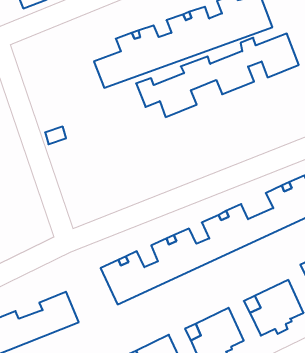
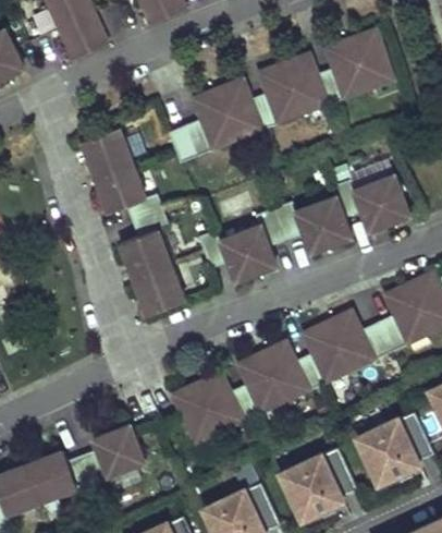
building: [136,34,299,117] -> [199,175,409,283]
building: none -> [81,123,184,315]

